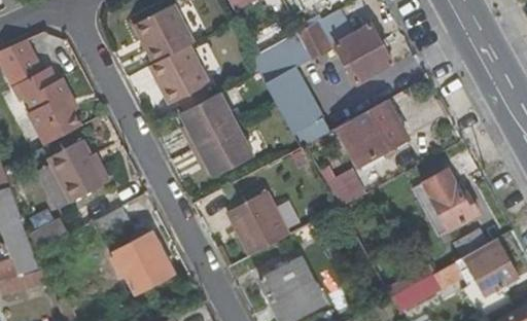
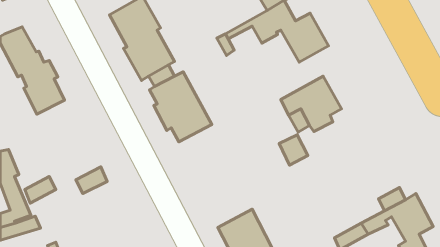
building: [266,66,329,147] -> none
building: [37,141,106,209] -> none
building: [422,171,478,230] -> none
building: [229,188,293,254] -> none
building: [111,234,173,293] -> none

